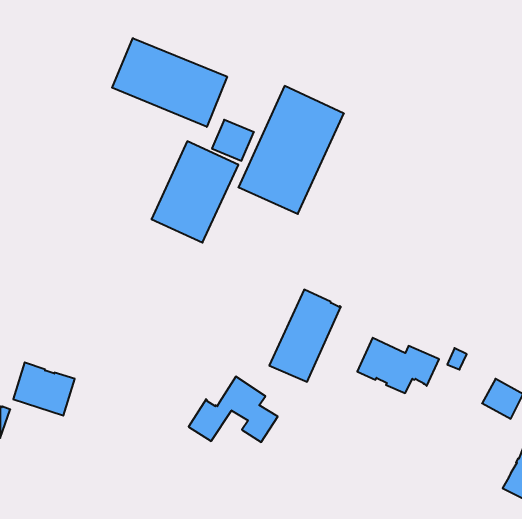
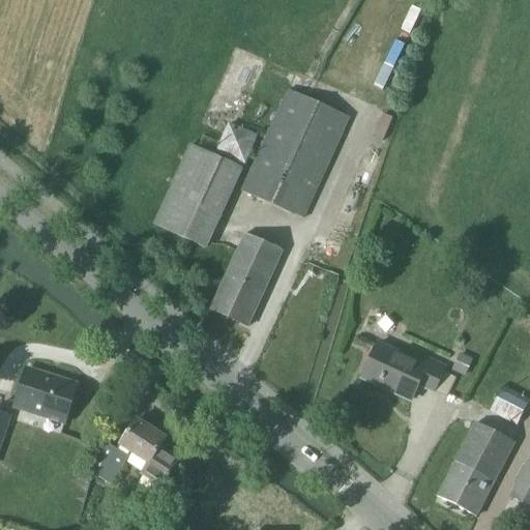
building: [112,38,227,127] -> none
building: [269,290,341,382] -> [210,231,283,324]
building: [189,377,278,442] -> [88,417,178,483]
building: none -> [437,420,514,514]

